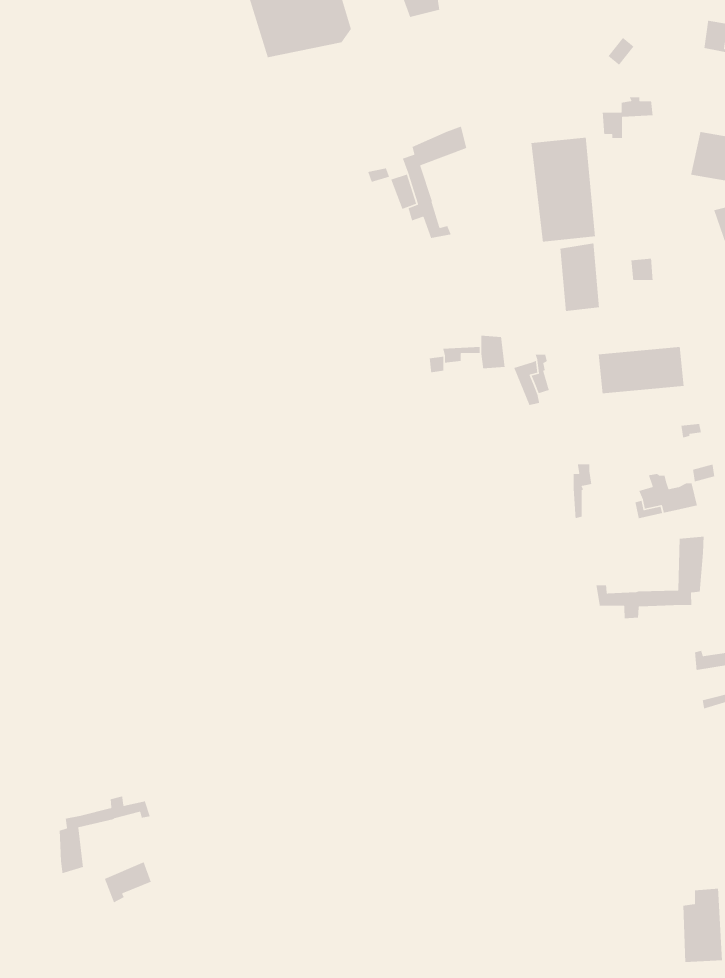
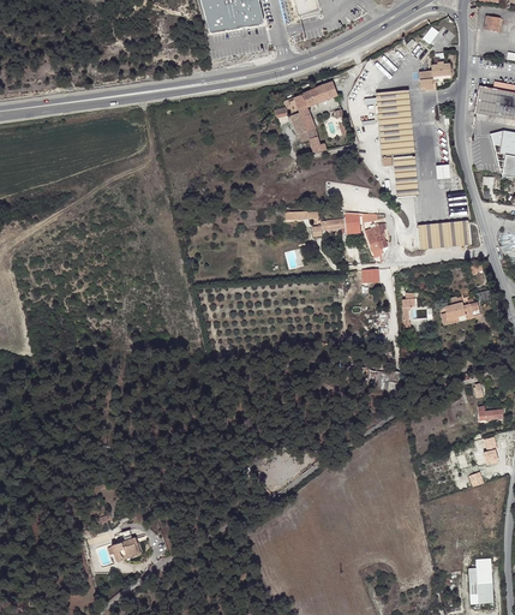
building: [596,536,704,619] -> none
building: [59,795,151,874] -> none

